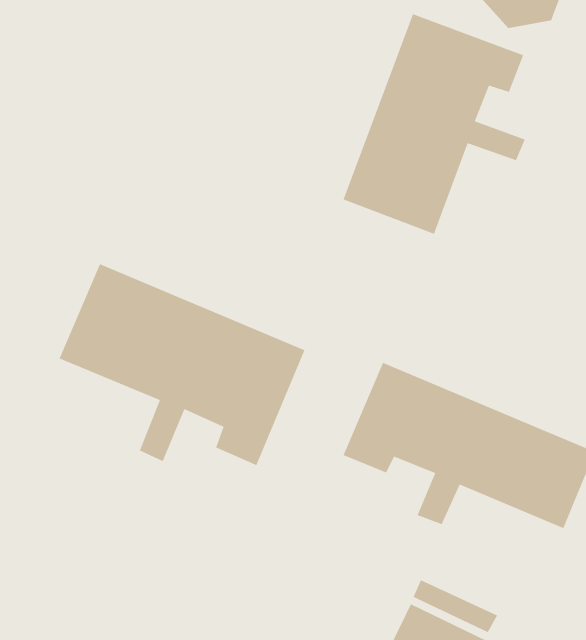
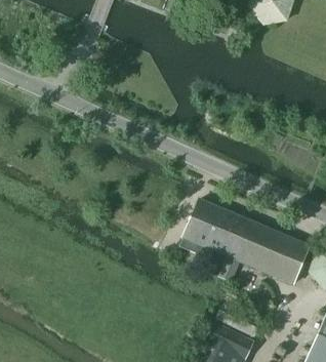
building: [343,13,526,235] -> none
building: [59,263,306,466] -> none

